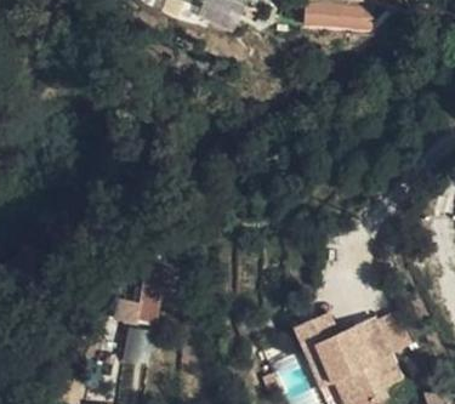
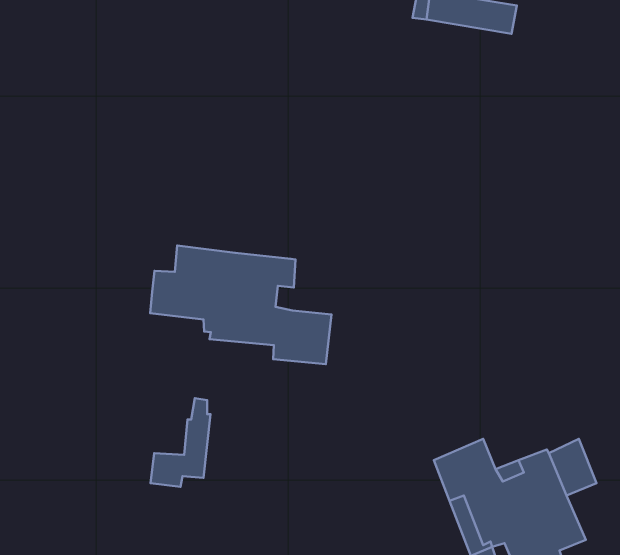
building: none -> [150,245,332,364]

